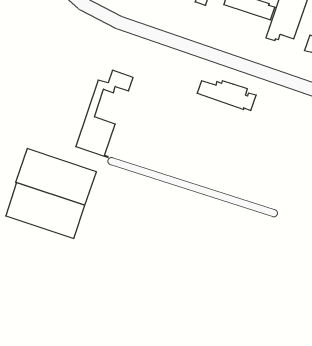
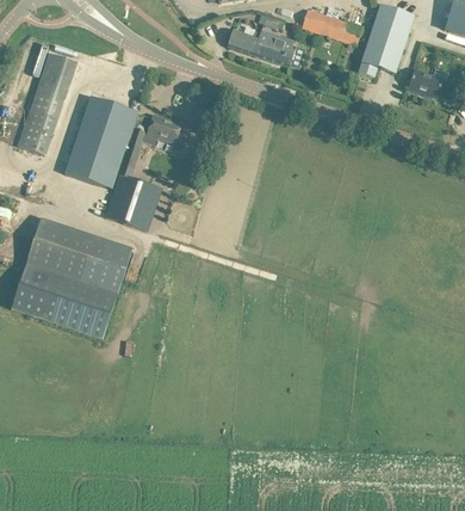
building: none -> [19,53,78,153]
building: none -> [64,96,138,189]
building: [197,81,256,110] -> [228,29,306,68]

